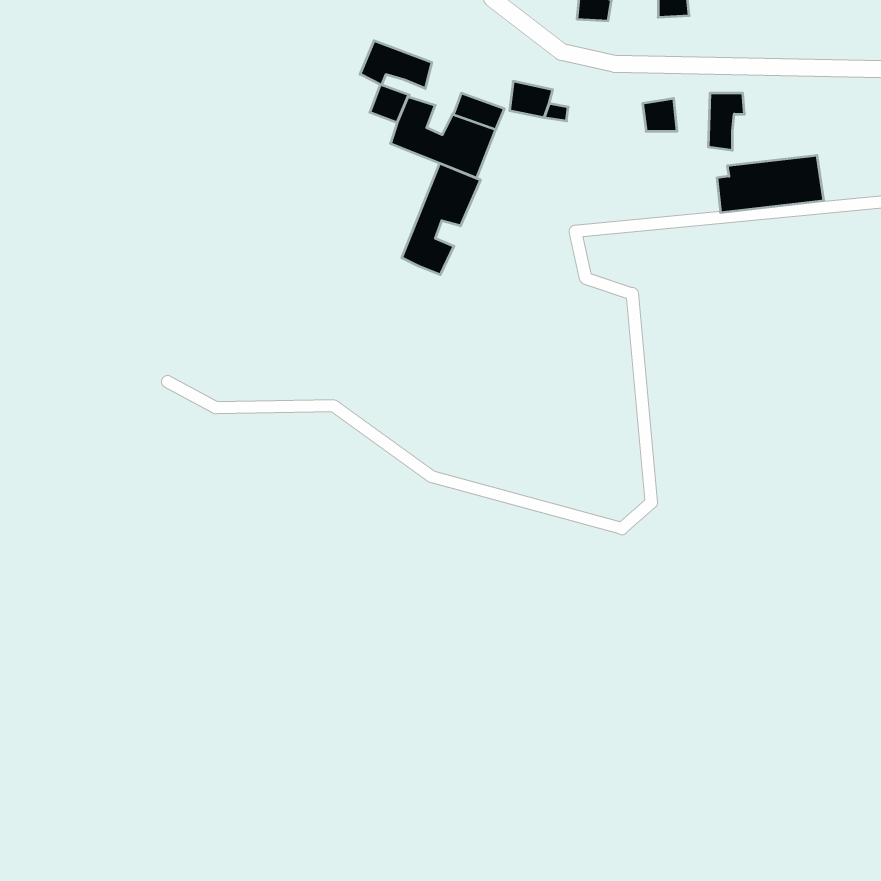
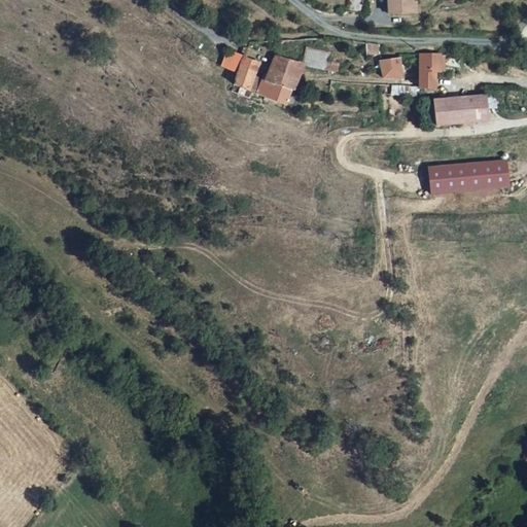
building: [360,41,432,89] -> none
building: [402,163,480,275] -> none
building: none -> [428,159,507,192]

